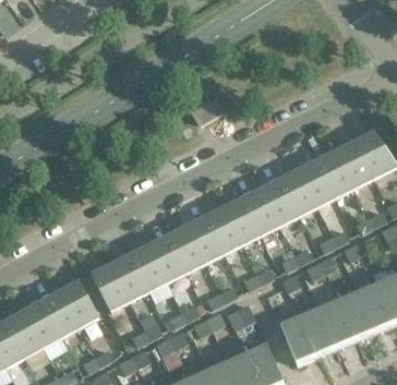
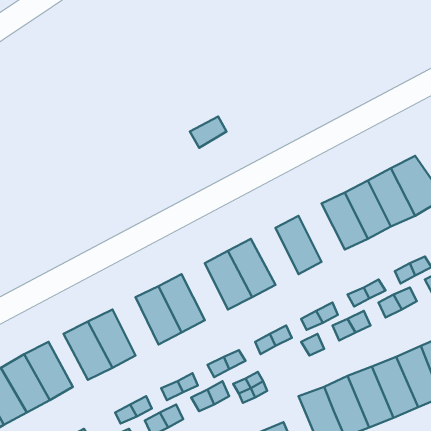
building: [279,168,316,215] -> none
building: [241,188,279,233] -> none
building: [185,216,222,262] -> none
building: [130,243,167,290] -> none

